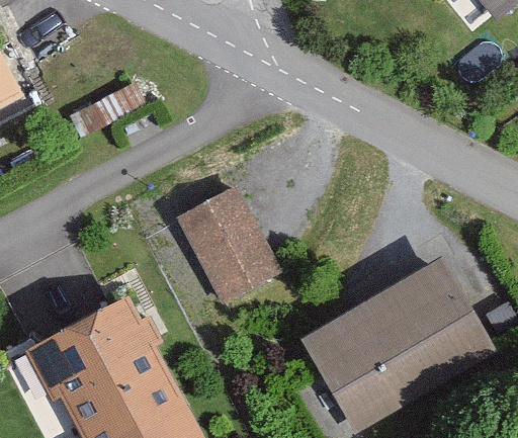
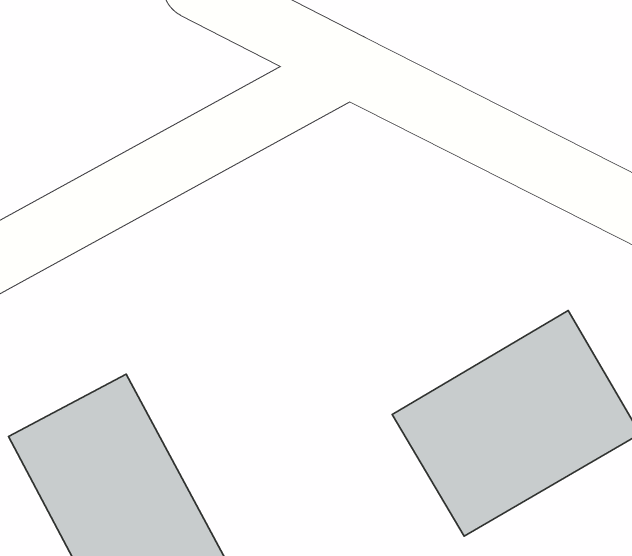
building: [180,189,278,310] -> none

